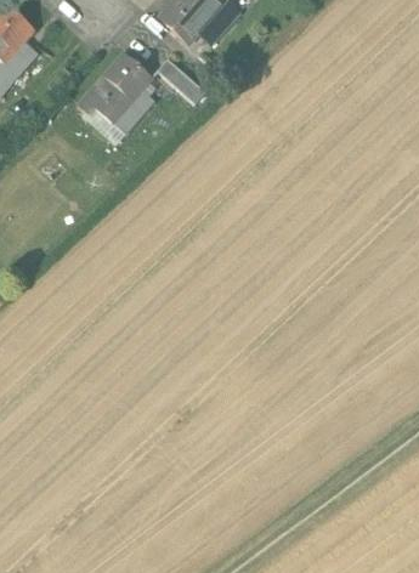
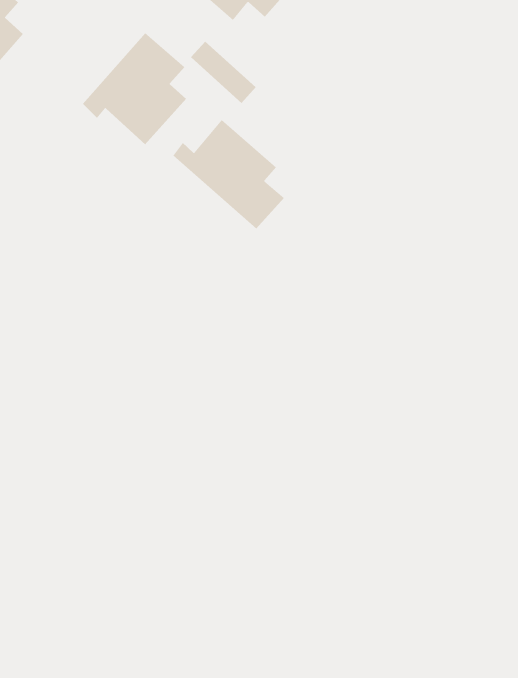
building: none -> [173,119,285,230]

